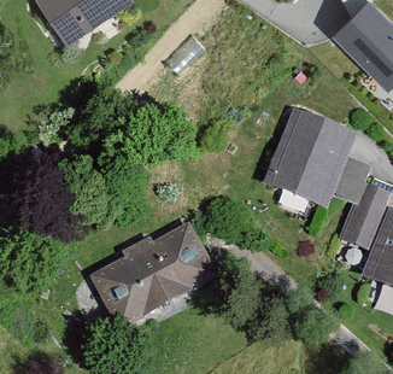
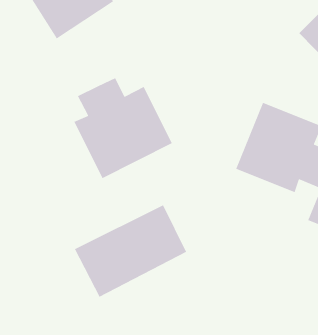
building: none -> [73,77,173,179]

